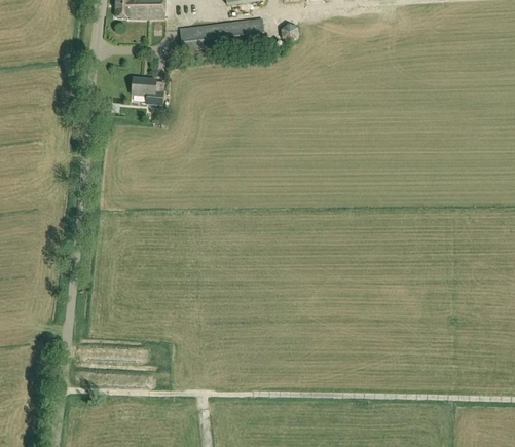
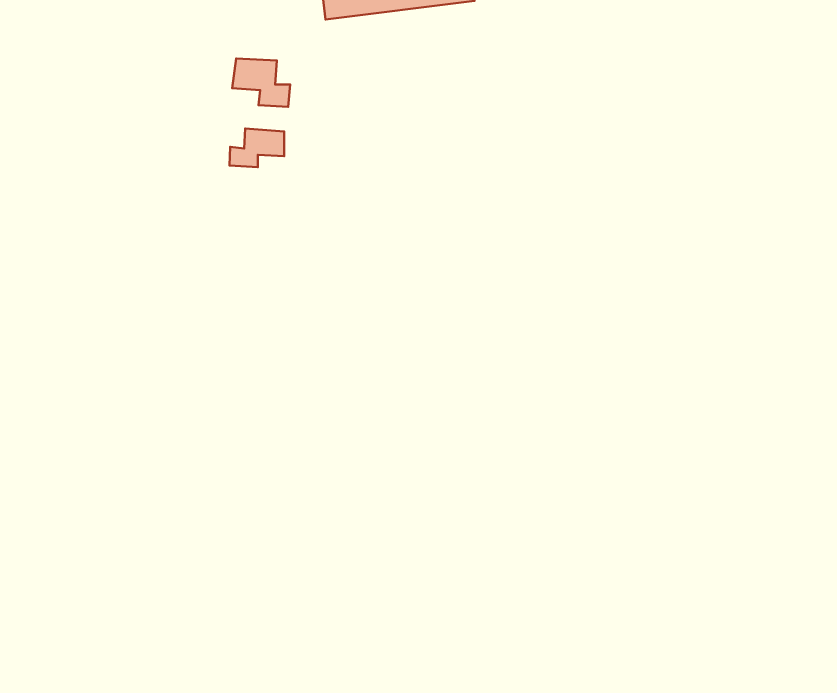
building: none -> [230,128,284,167]

